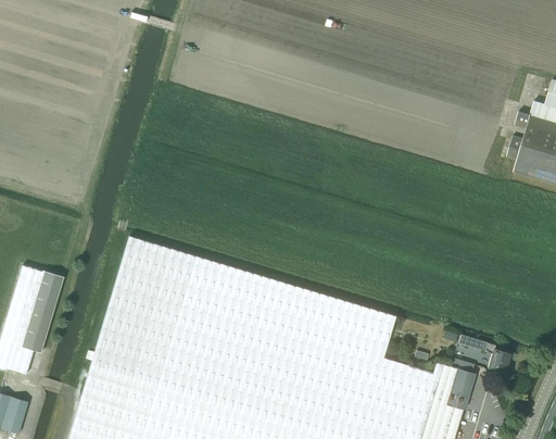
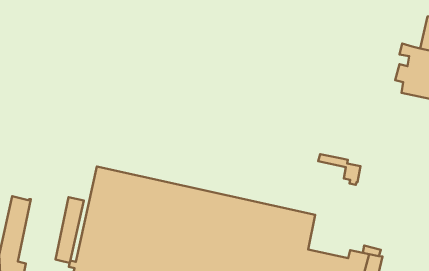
building: [23,272,63,353] -> [55,197,84,263]
building: [457,336,509,377] -> [318,154,361,185]

